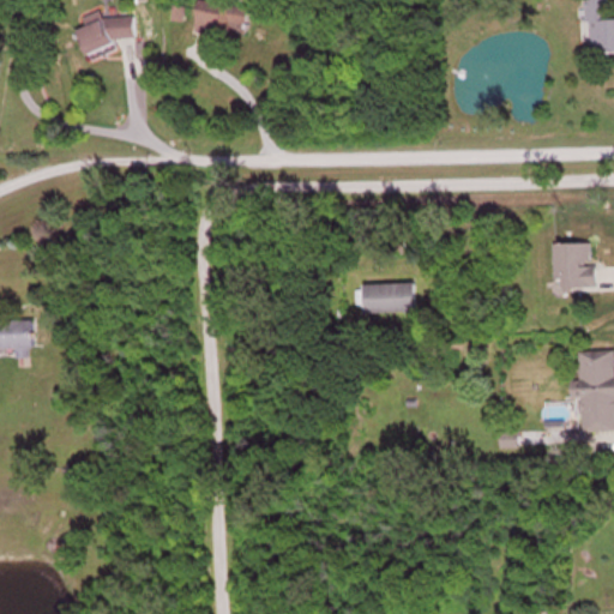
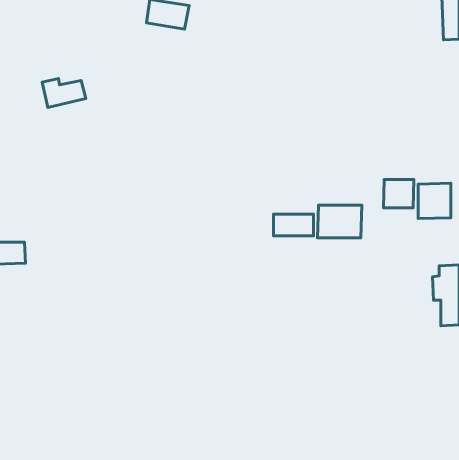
building: [78,12,136,50] -> [42,79,86,108]
building: none -> [384,180,414,208]
building: none -> [317,205,362,238]

